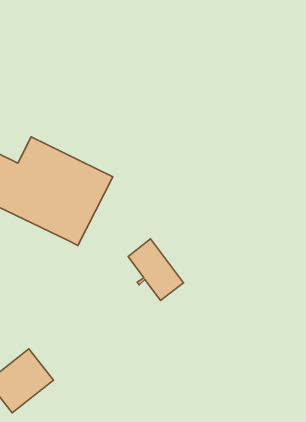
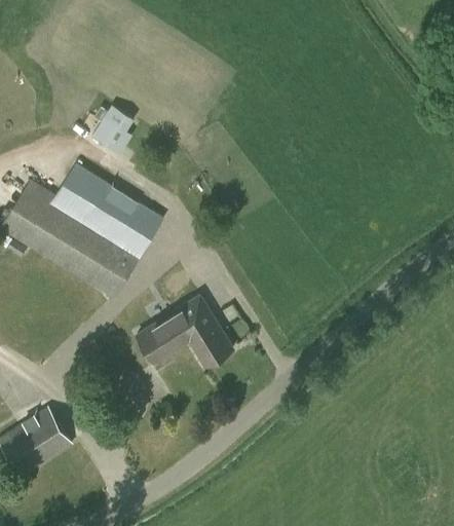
building: none -> [93,104,136,152]
building: none -> [136,313,188,364]

